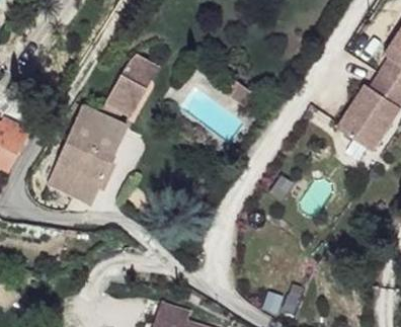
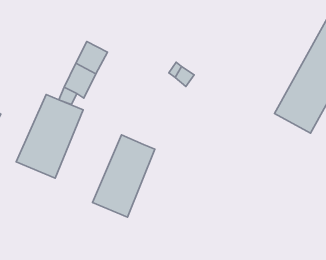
building: none -> [92,135,155,217]

